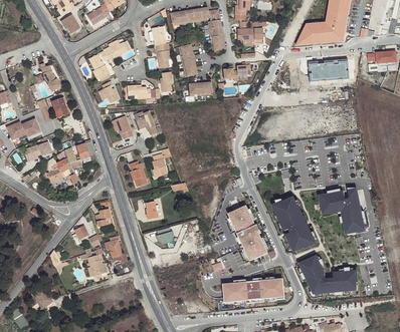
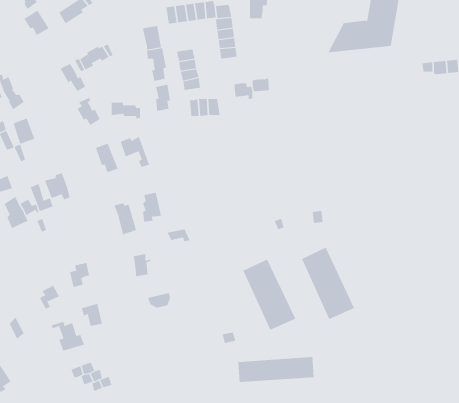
building: [237,22,263,44] -> none
building: [308,61,349,81] -> none
building: [320,188,366,234] -> none
building: [297,256,358,295] -> none

